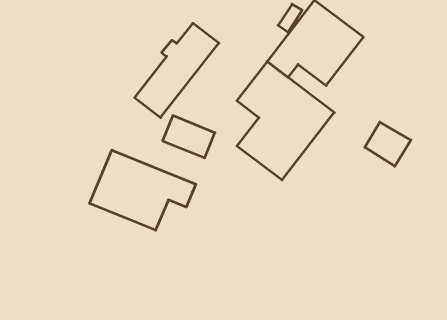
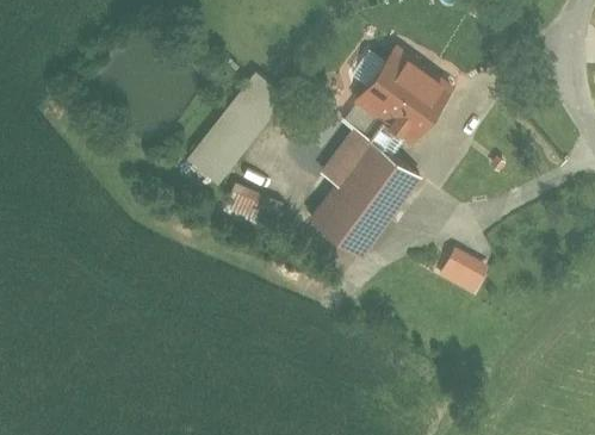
building: [365,122,411,166] -> [440,247,495,299]
building: [90,150,196,230] -> none

